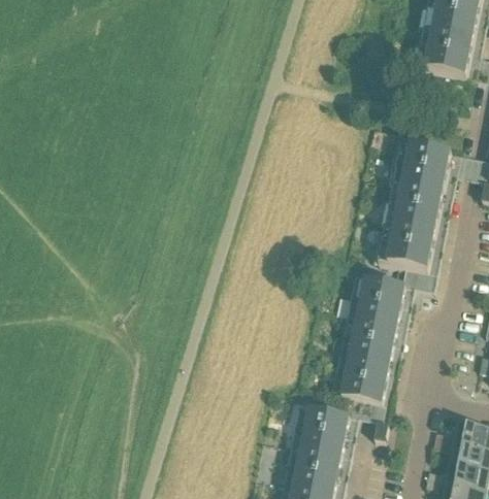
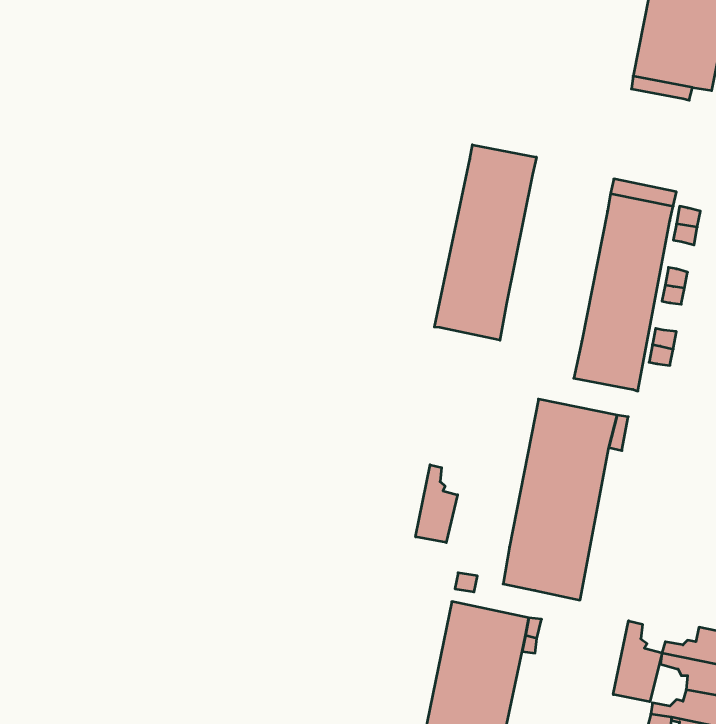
building: none -> [434,145,536,340]
building: none -> [416,465,458,543]
building: none -> [613,621,662,702]

